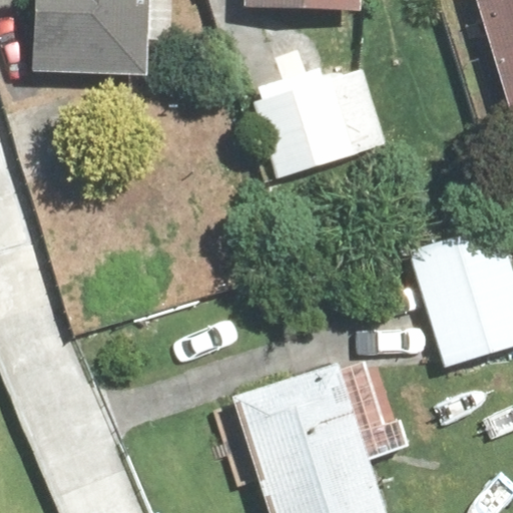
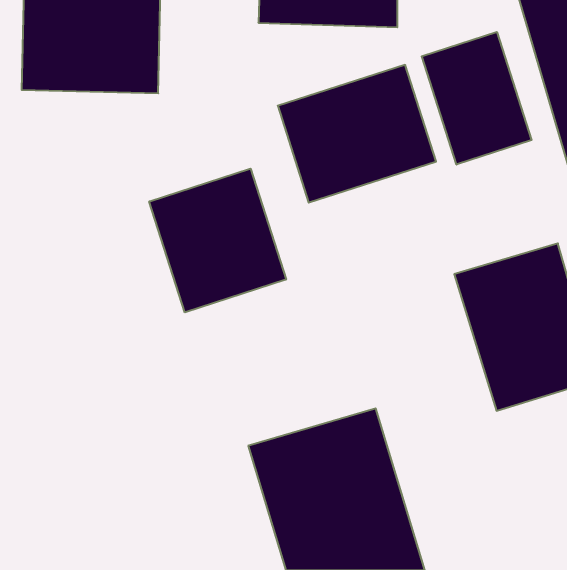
building: none -> [422,32,532,165]
building: none -> [149,169,286,312]

